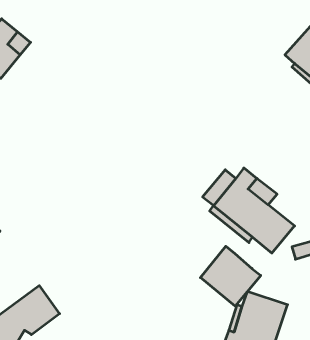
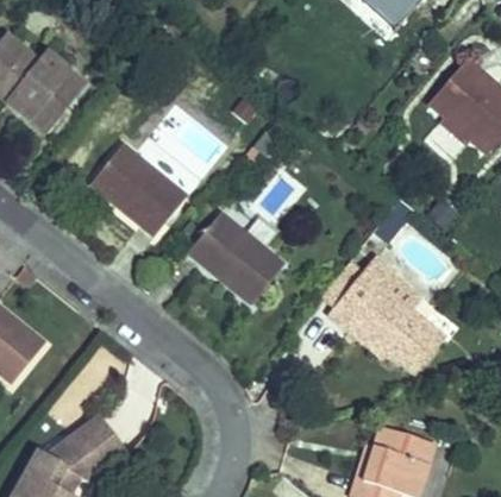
building: none -> [92,141,186,232]
building: none -> [187,212,282,302]
building: [200,246,261,306] -> none

